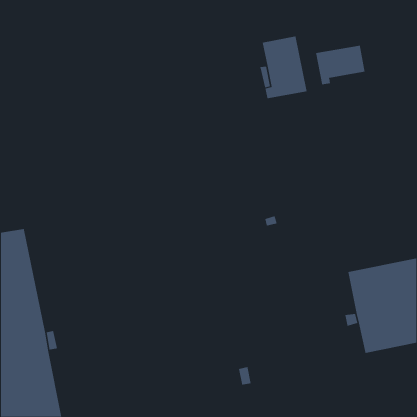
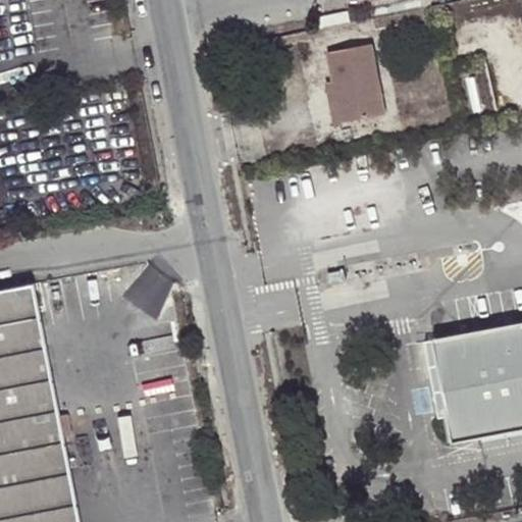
building: [315,45,365,85] -> none

